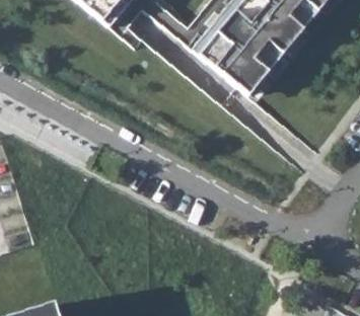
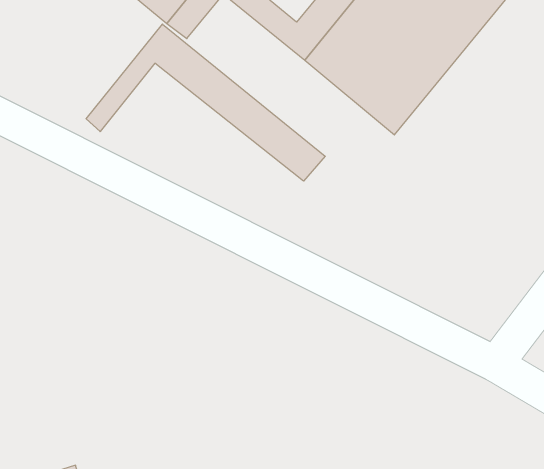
building: none -> [86,24,325,181]

